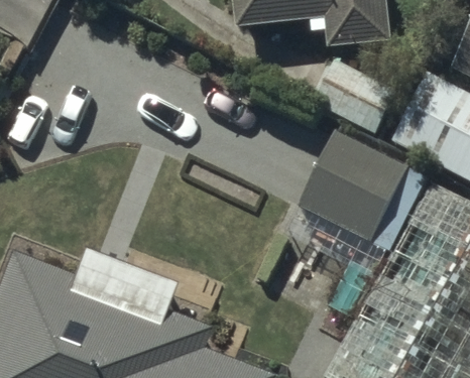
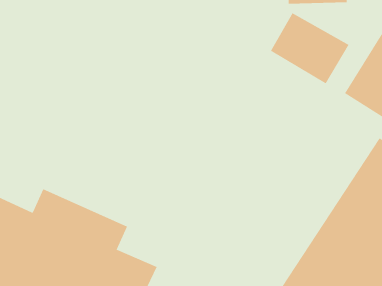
building: [299,129,424,245] -> none

